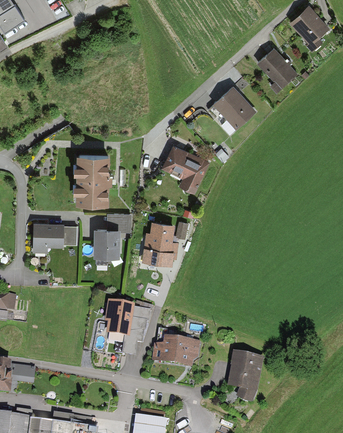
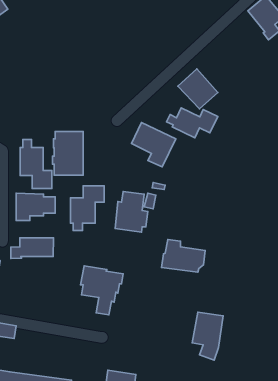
building: [256,46,298,91] -> none
building: none -> [167,108,218,138]
building: none -> [20,139,52,188]
building: none -> [11,238,54,258]
building: [153,330,201,366] -> [162,239,205,272]

